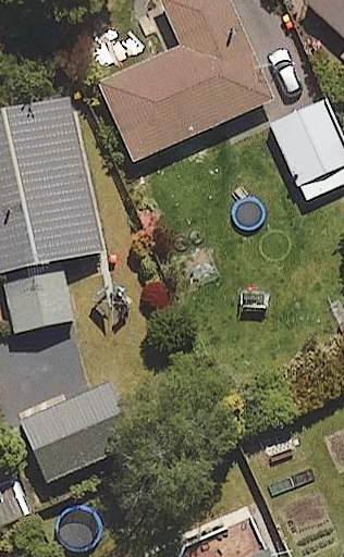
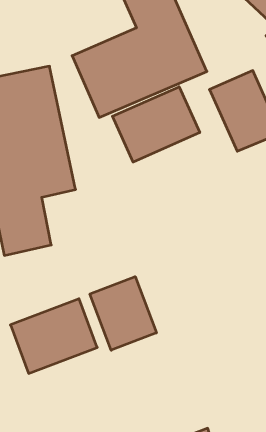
building: none -> [112,87,200,162]
building: none -> [90,277,156,350]

